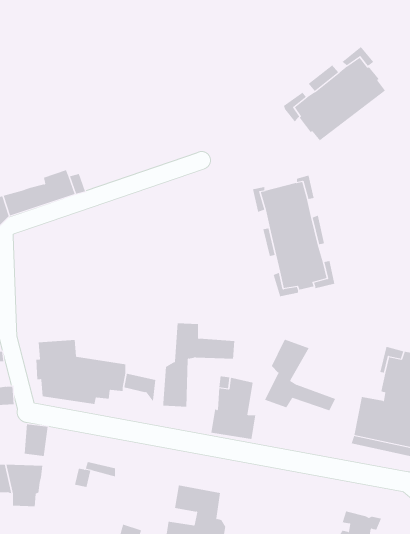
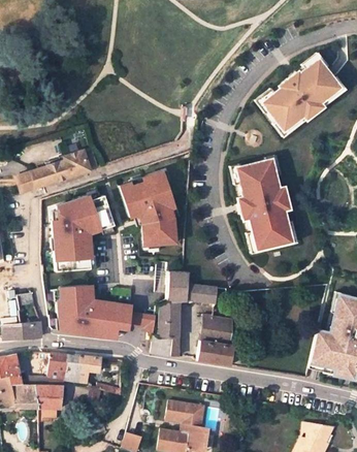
building: none -> [272,75,345,136]
building: none -> [122,172,177,245]
building: none -> [54,195,116,271]
building: [264,339,336,411] -> none
building: none -> [152,336,178,357]
building: none -> [65,355,101,383]

